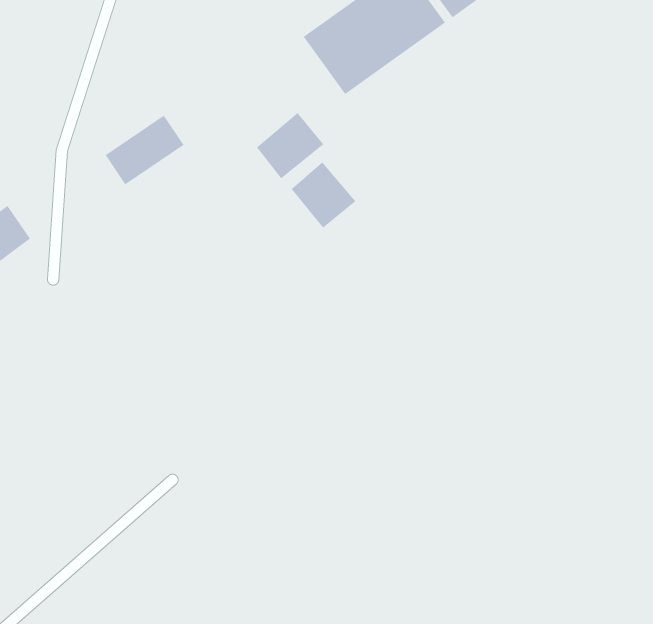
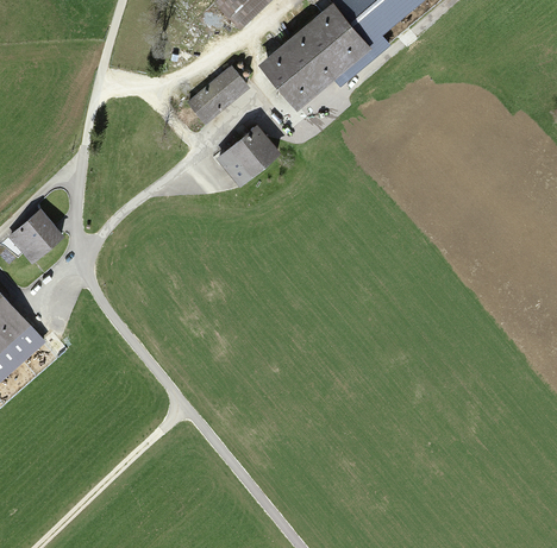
building: [105,115,184,185] -> [188,65,248,120]
building: [291,162,356,229] -> none

